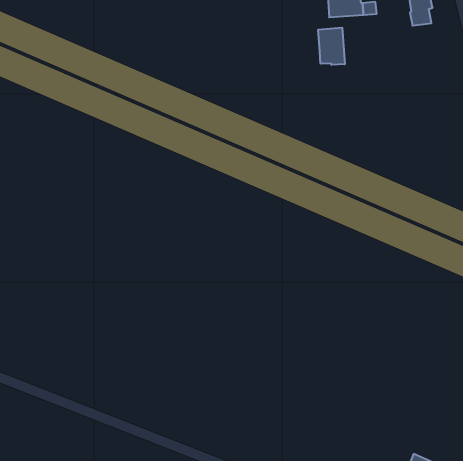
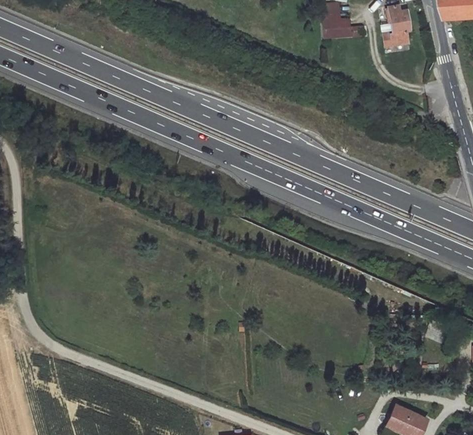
building: [318,28,345,65] -> none

